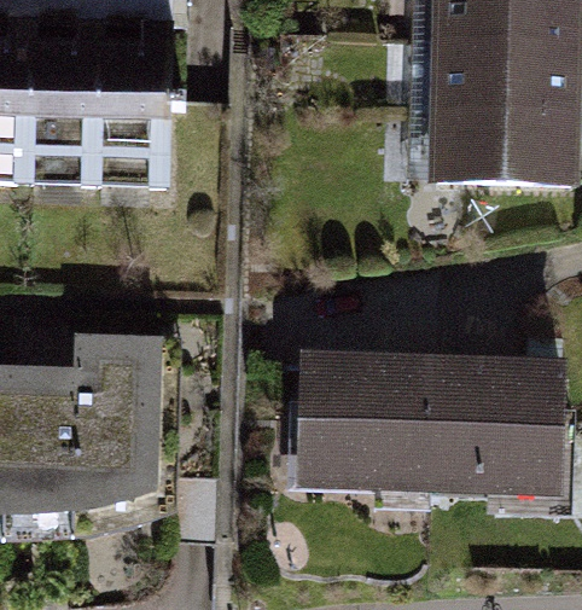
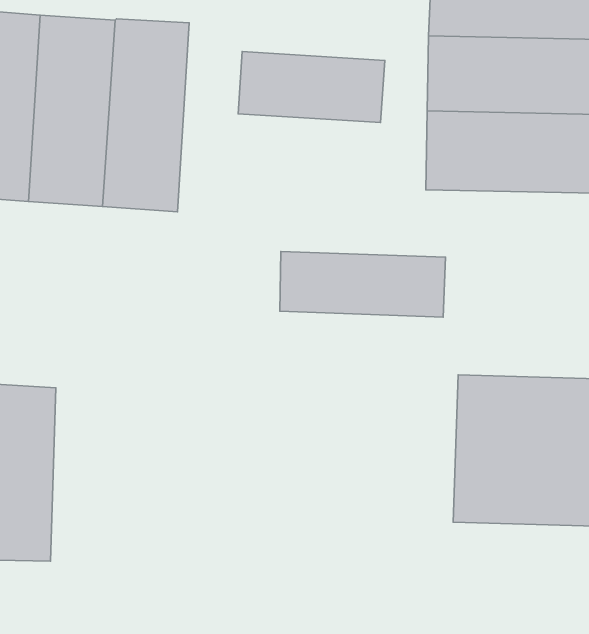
building: none -> [238,52,385,123]
building: none -> [280,251,445,317]
building: [54,335,146,528] -> none
building: [297,350,435,492] -> none

